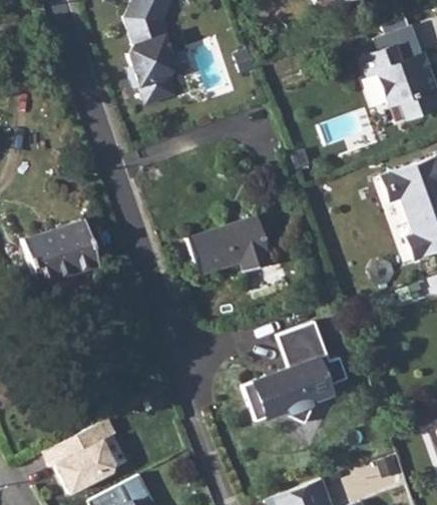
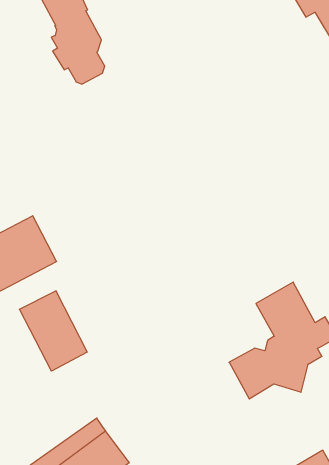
building: [186,215,270,274] -> none
building: none -> [19,291,87,371]

